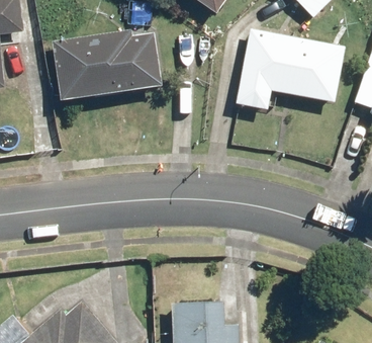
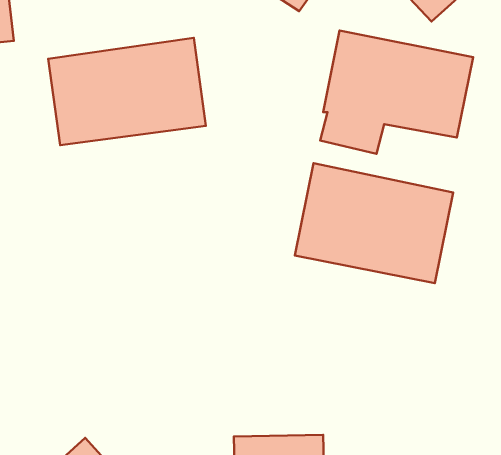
building: none -> [295,163,453,283]

